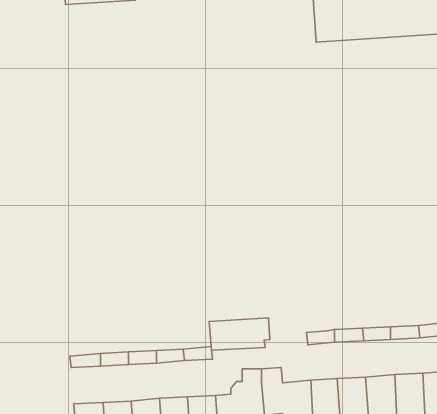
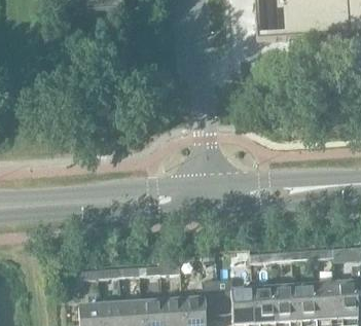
building: [209,318,270,350] -> none

